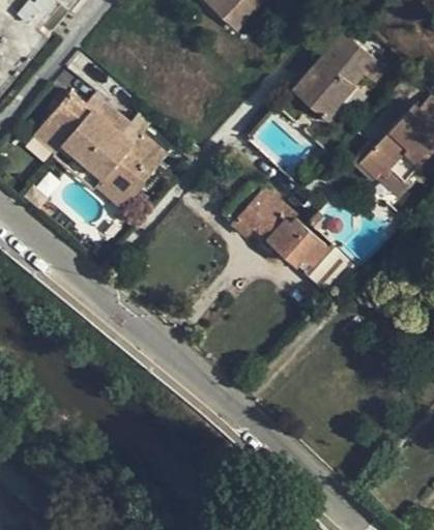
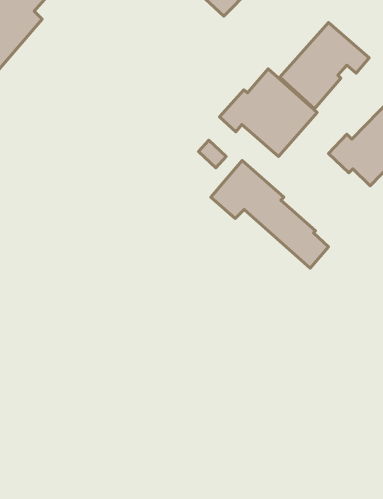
building: none -> [220,69,317,156]
building: [36,90,168,206] -> none

